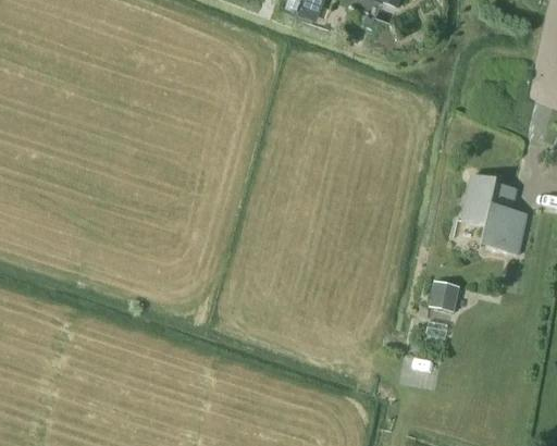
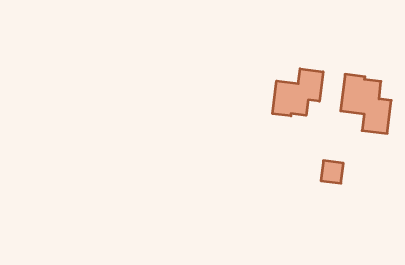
building: none -> [273,69,323,116]

